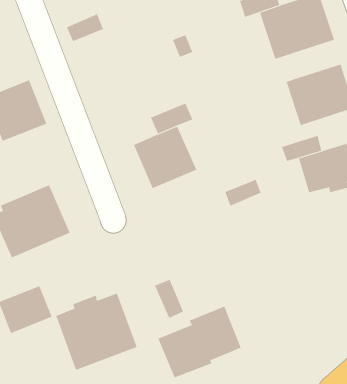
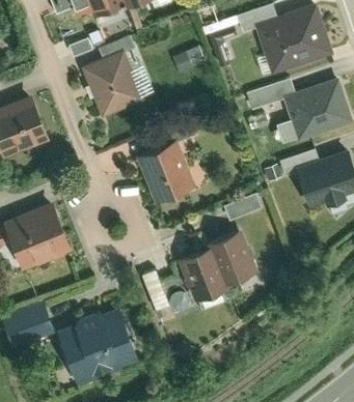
building: none -> [85,48,149,117]
building: none -> [248,80,297,110]
building: [158,306,241,378] -> [175,228,258,299]

